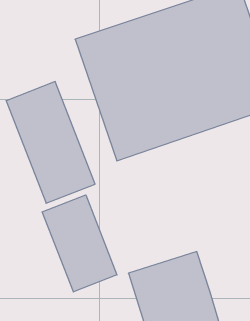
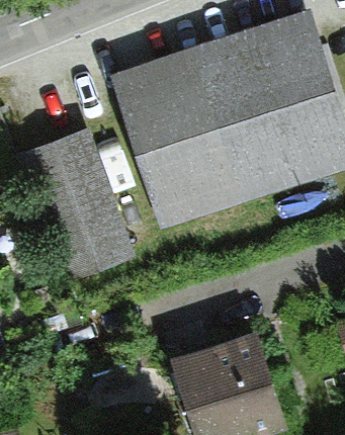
building: [42,195,117,292] -> none

